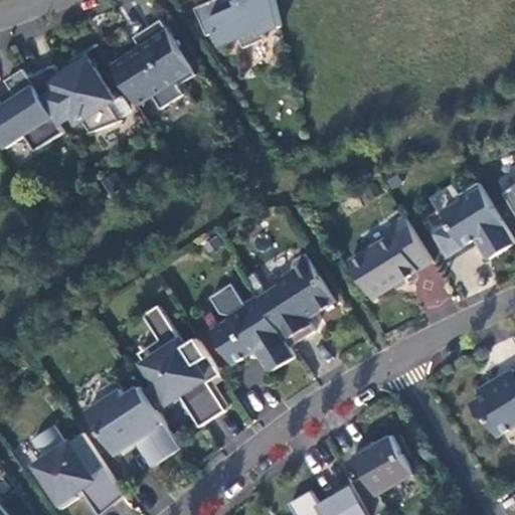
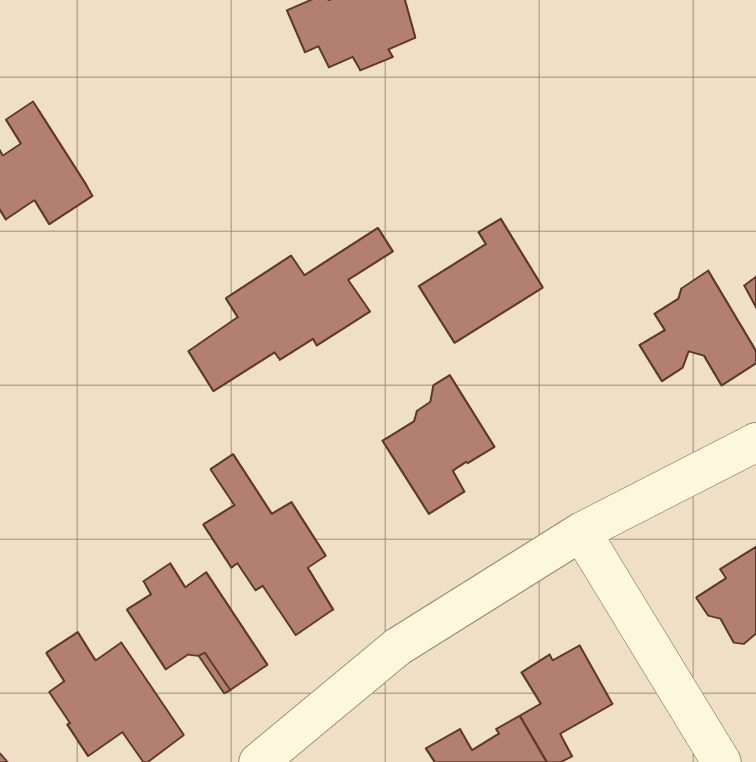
building: [111,19,194,109] -> none
building: [26,52,121,133] -> none
building: none -> [189,228,393,391]
building: [347,215,431,299] -> [419,219,543,343]
building: [207,284,294,371] -> none

